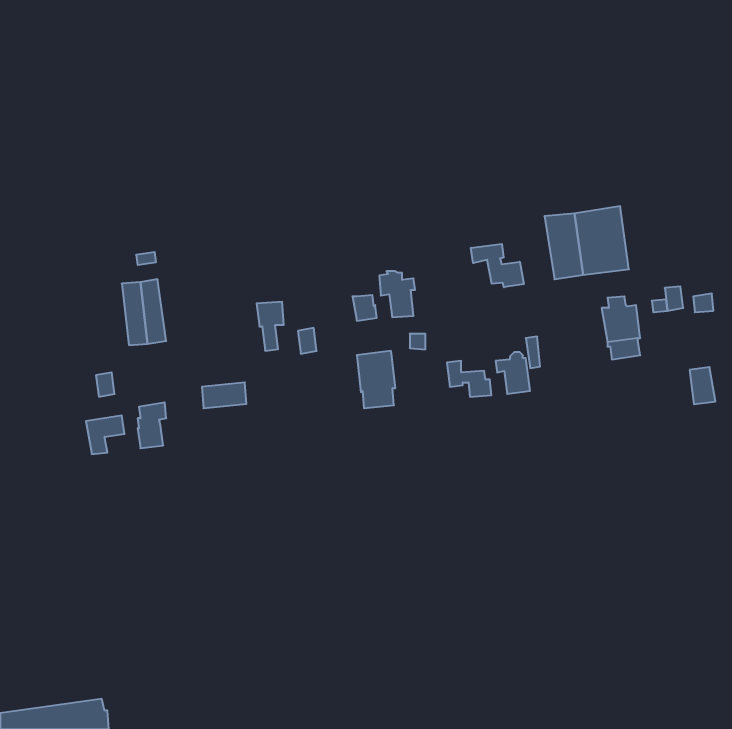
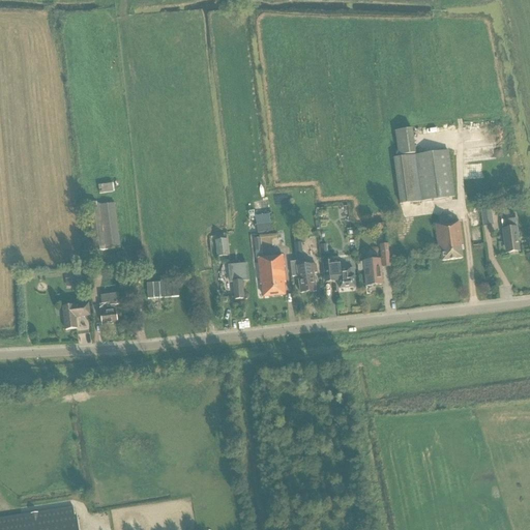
building: none -> [395,127,415,154]
building: [471,244,524,287] -> none
building: [379,271,415,317] -> [291,258,317,291]
building: [257,302,284,351] -> [229,263,248,298]
building: [690,367,715,404] -> [502,226,521,253]

